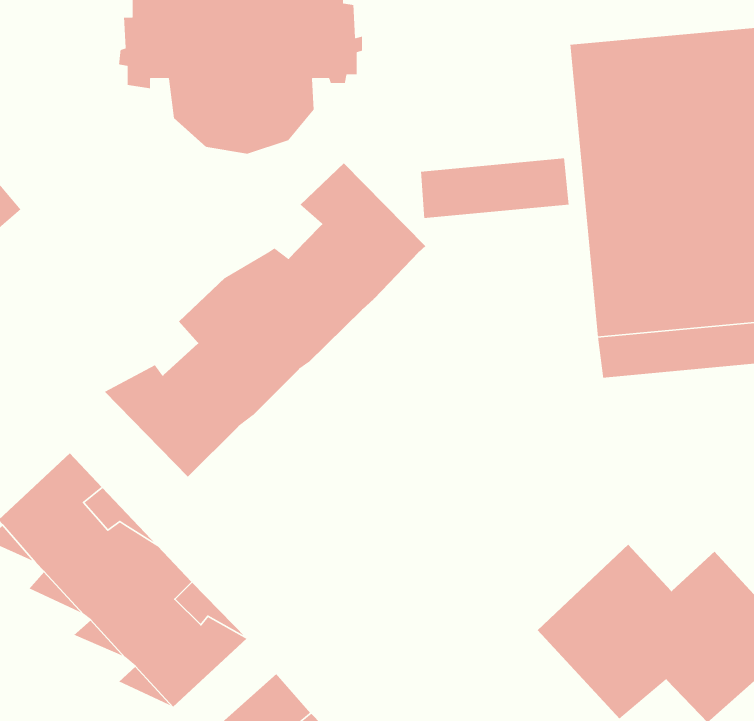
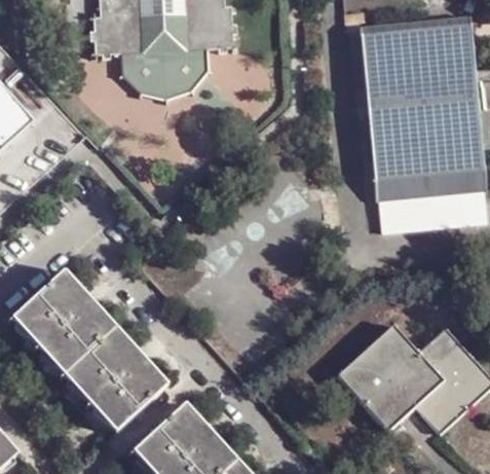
building: [420,158,570,219] -> none
building: [104,162,426,477] -> none

